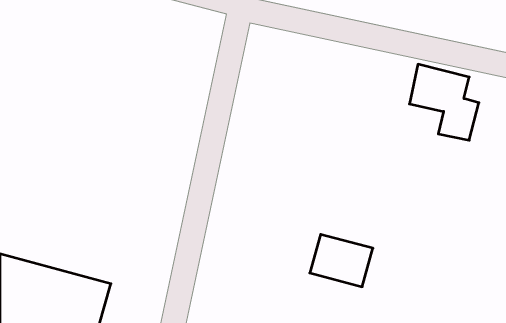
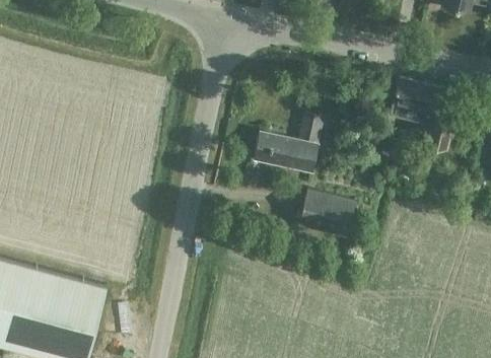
building: none -> [255,113,325,172]
building: [310,234,373,287] -> [298,189,358,238]

